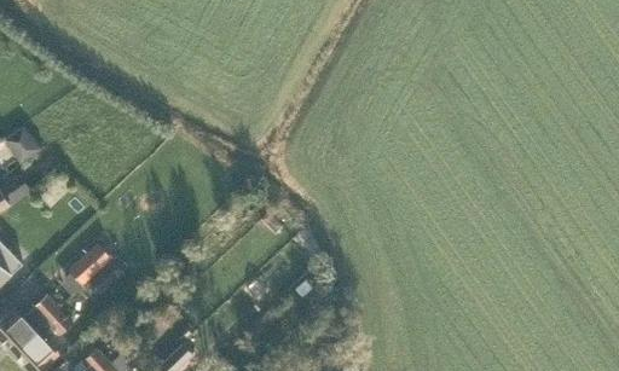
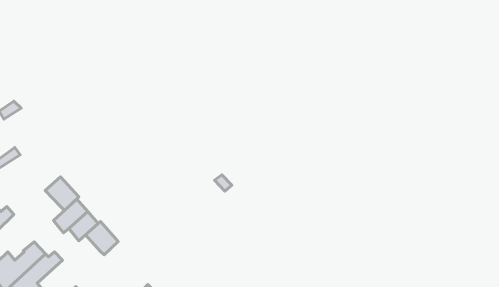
building: none -> [45,177,79,210]
building: none -> [85,221,118,255]

